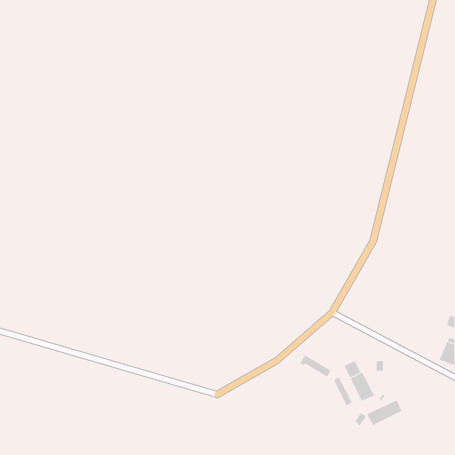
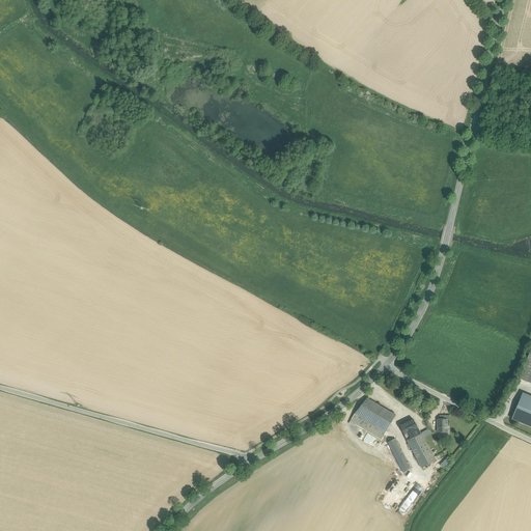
building: none -> [355,398,395,431]
building: [366,400,402,426] -> none

